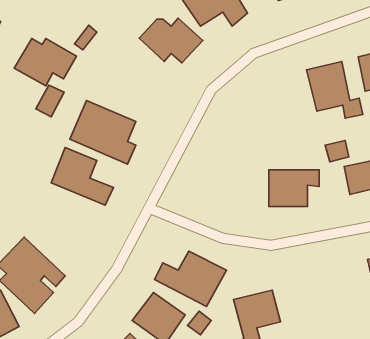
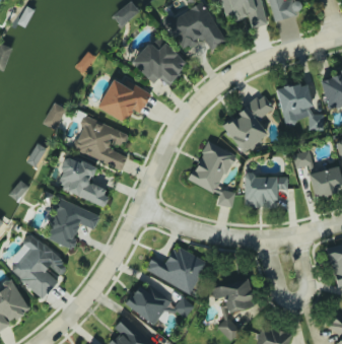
building: [14,39,76,86] -> [98,79,152,120]
building: none -> [223,92,274,151]
building: none -> [193,142,235,207]
building: none -> [45,196,99,248]

